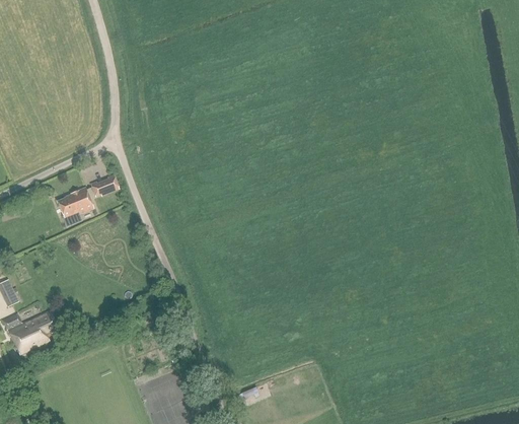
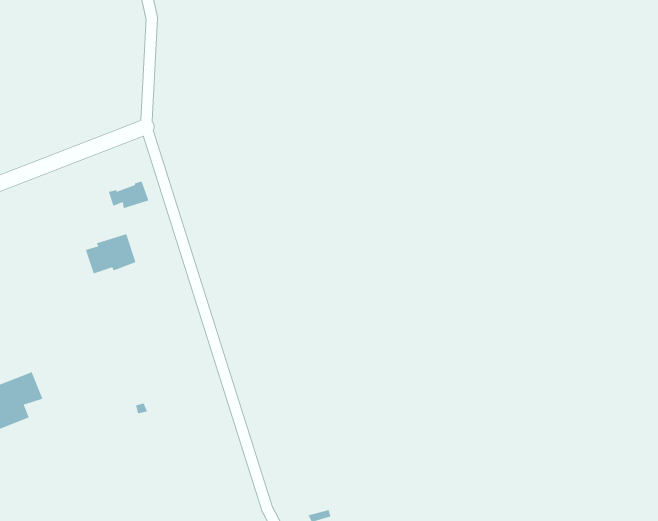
building: [57,188,92,217] -> [85,233,136,274]

